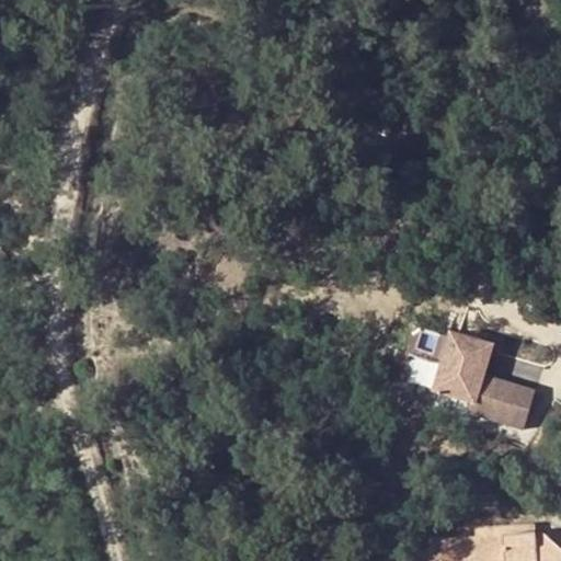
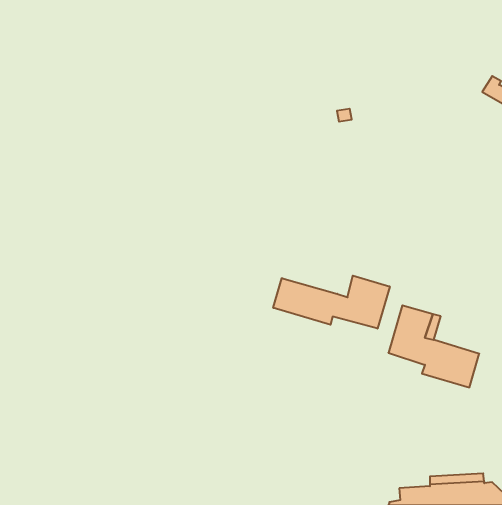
building: none -> [273,276,390,329]

